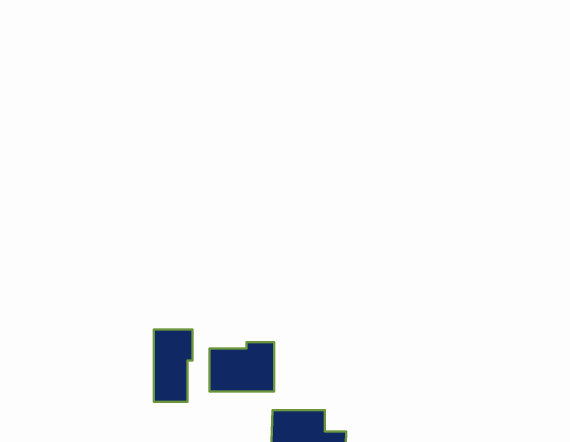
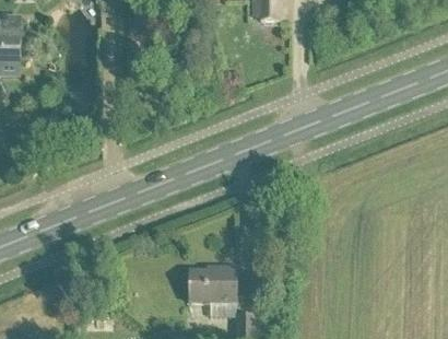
building: [154,329,192,402] -> none

